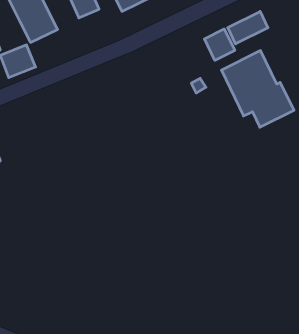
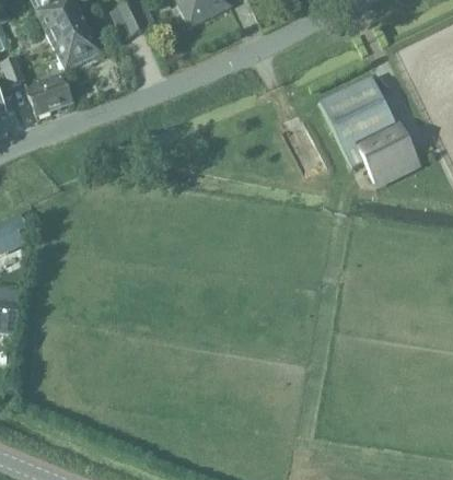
building: [228,11,268,44] -> none
building: [204,29,235,60] -> none

